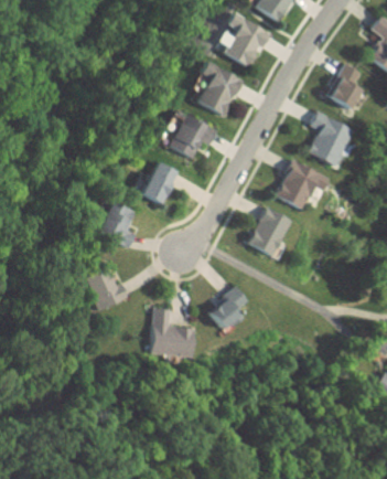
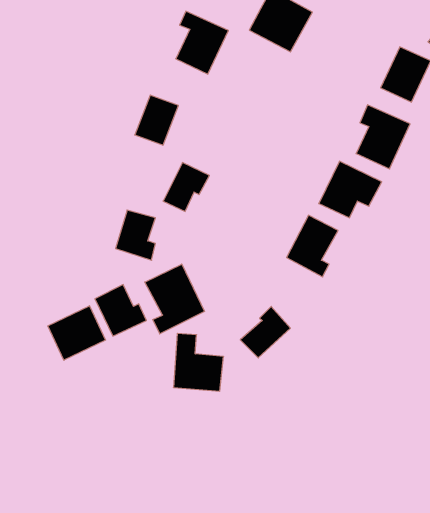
building: [196,62,241,116] -> [176,11,228,74]
building: [169,114,206,157] -> [135,95,178,145]
building: none -> [145,264,205,334]
building: none -> [48,306,106,360]

